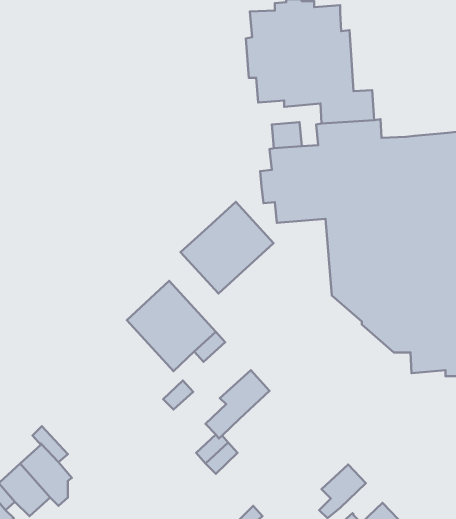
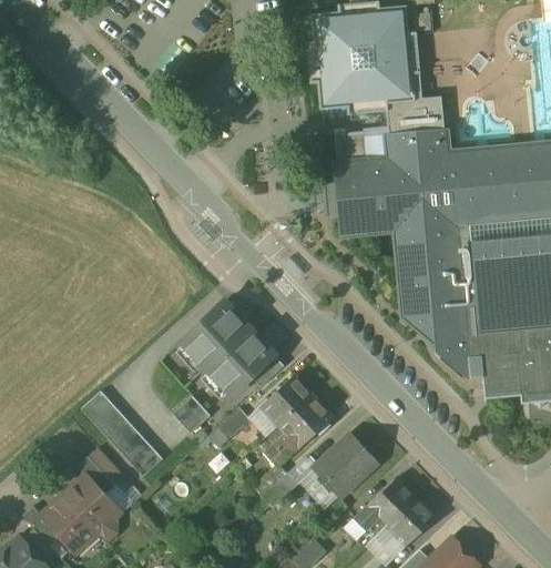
building: [181,202,274,294] -> none
building: none -> [262,376,313,426]
building: none -> [82,390,164,477]
building: none -> [174,396,211,434]
building: none -> [315,434,379,498]
building: none -> [355,477,417,530]

